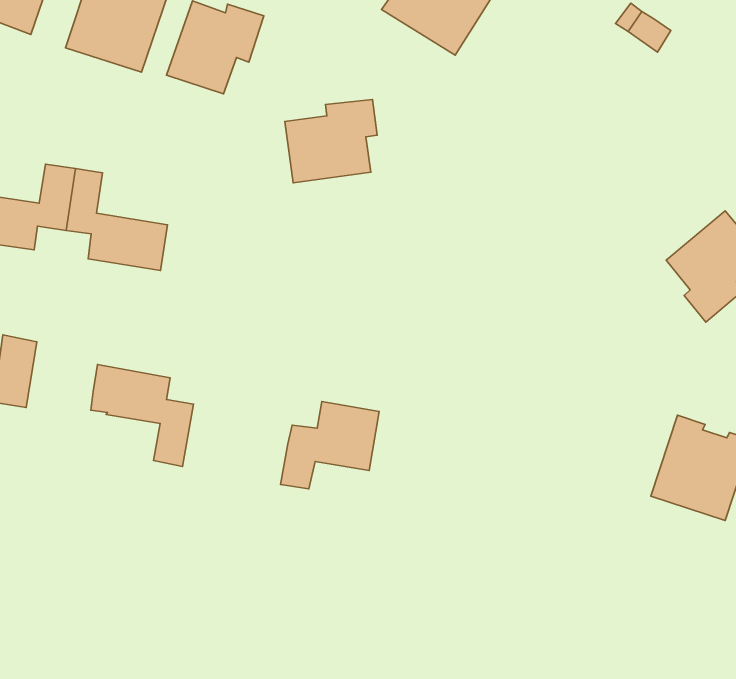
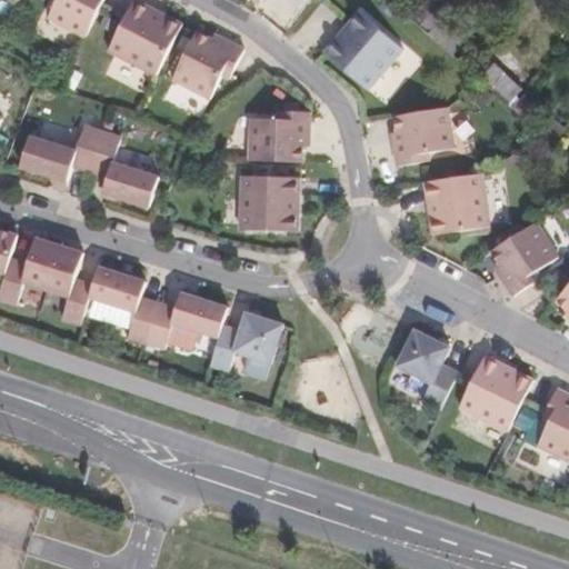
building: none -> [391,107,452,166]
building: none -> [422,172,488,233]
building: none -> [239,174,297,231]
building: none -> [46,244,92,323]
building: none -> [146,291,229,348]
building: none -> [397,328,458,408]

